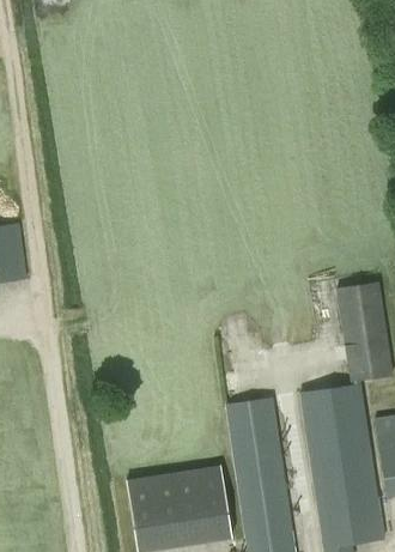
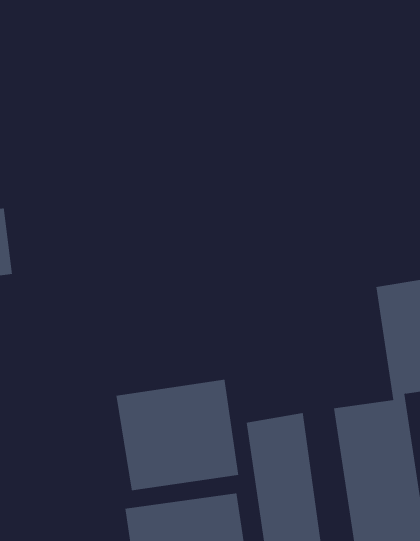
building: none -> [116,379,239,491]

